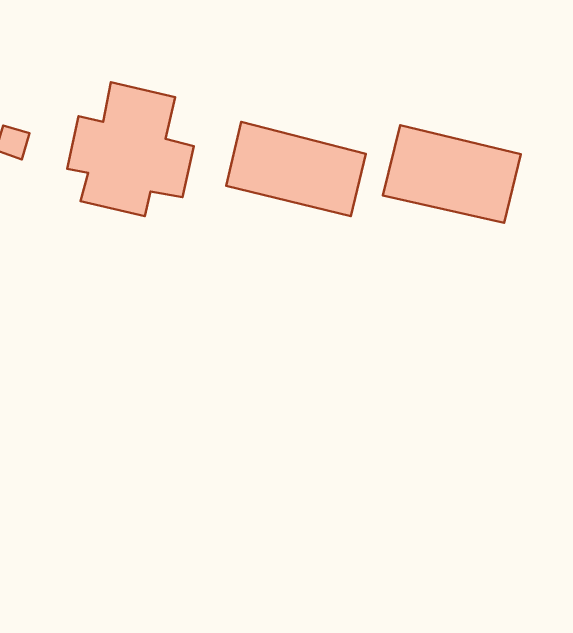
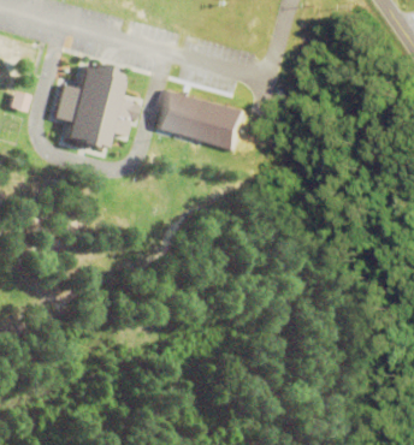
building: [383,125,521,223] -> none

